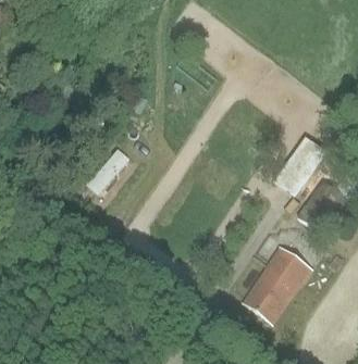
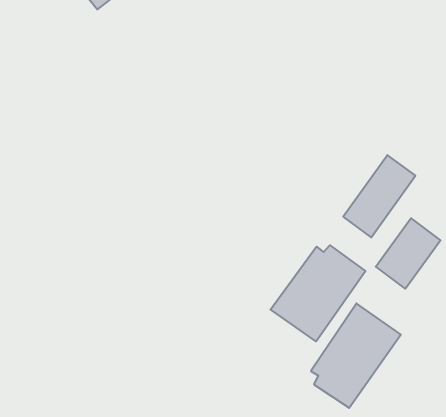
building: none -> [270,245,365,341]

